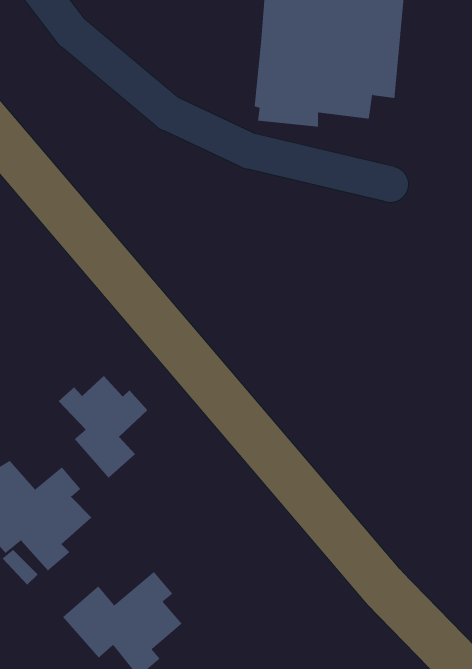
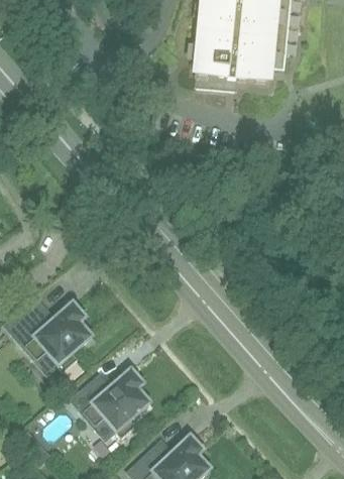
building: [58,375,148,479] -> none

